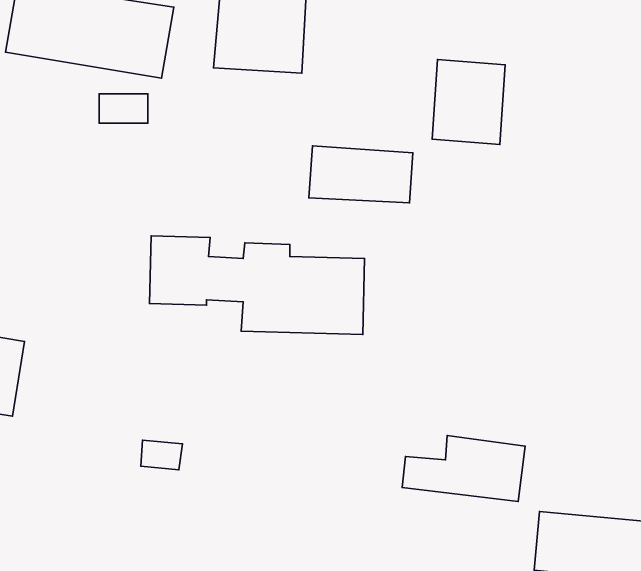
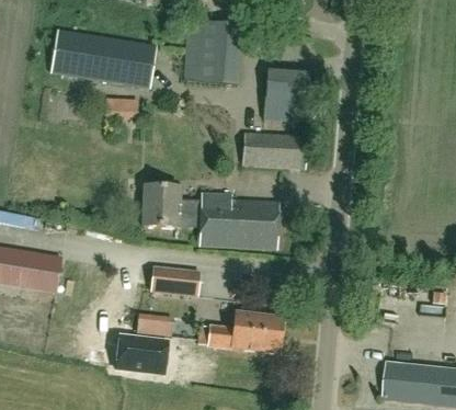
building: [432,60,505,144] -> [263,68,309,122]
building: none -> [152,265,202,295]
building: [402,436,525,501] -> [206,311,284,353]
building: none -> [115,334,167,374]

